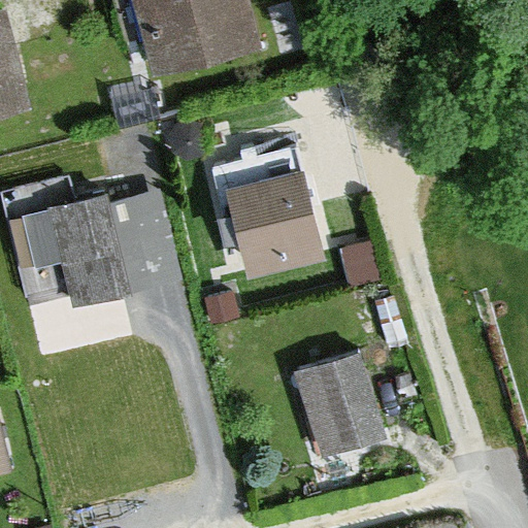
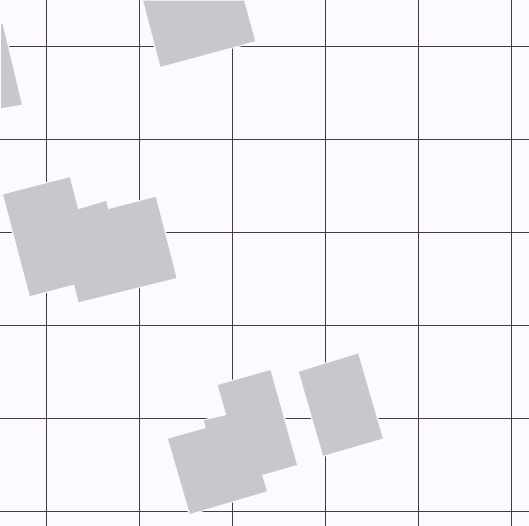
building: [220,160,315,258] -> none
building: none -> [167,369,298,515]

